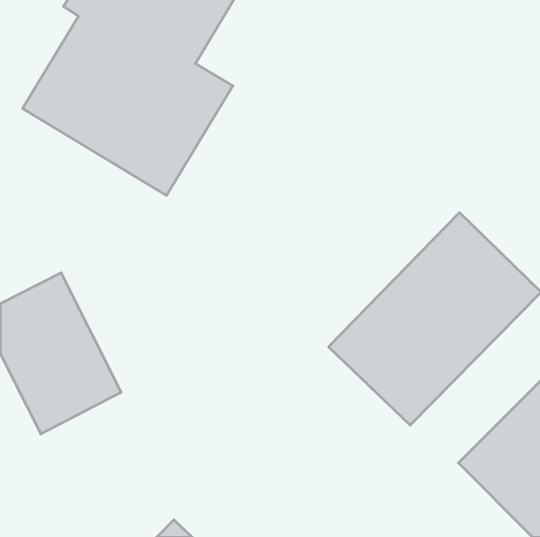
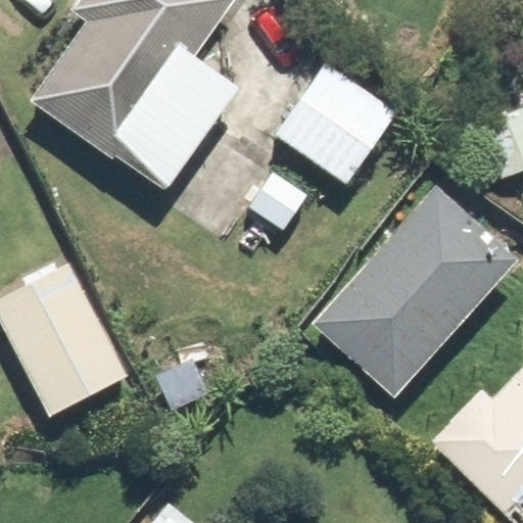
building: none -> [275,59,392,179]

